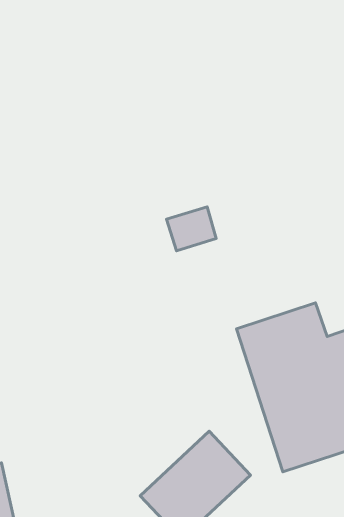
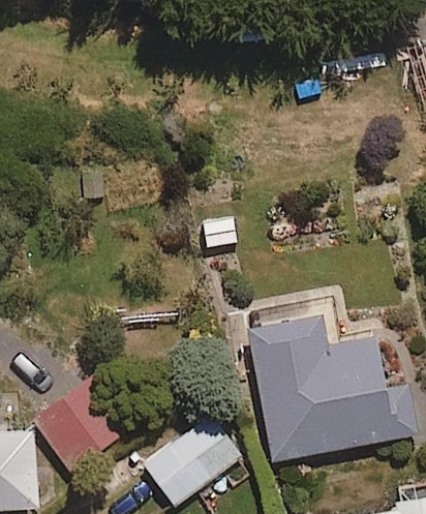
building: none -> [31,374,133,465]

